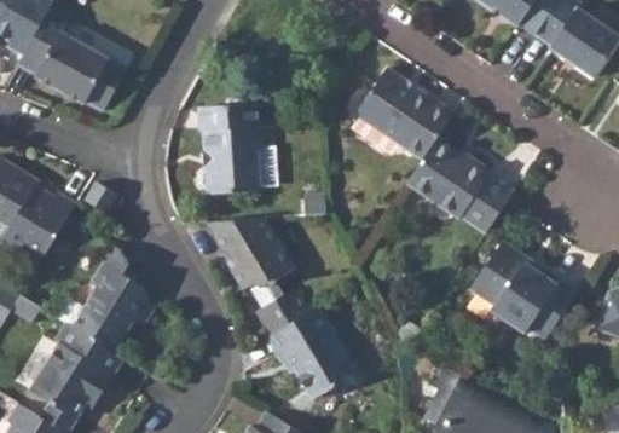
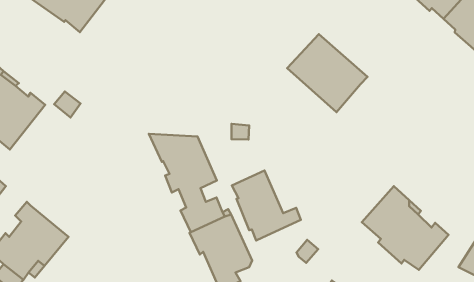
building: [199,100,260,194] -> none
building: [418,127,525,220] -> none
building: [70,246,154,352] -> none
building: none -> [232,171,301,241]

